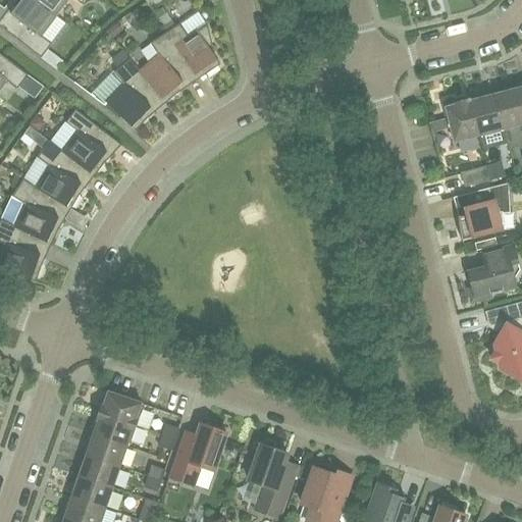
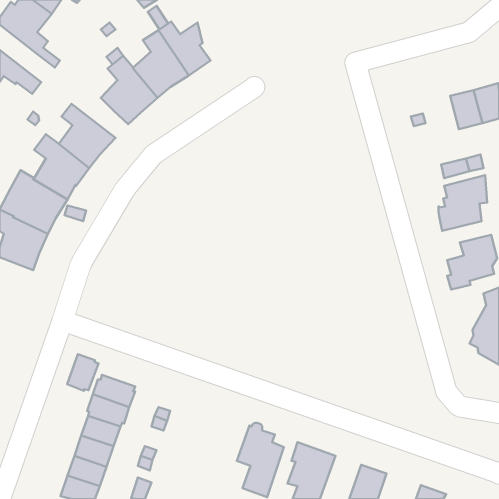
building: [443,98,478,142] -> none
building: none -> [67,354,98,391]
building: [167,423,225,485] -> none

